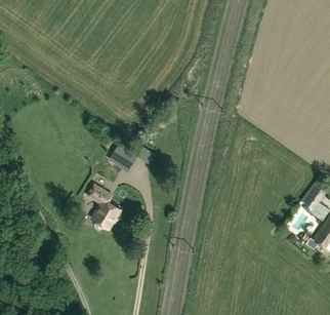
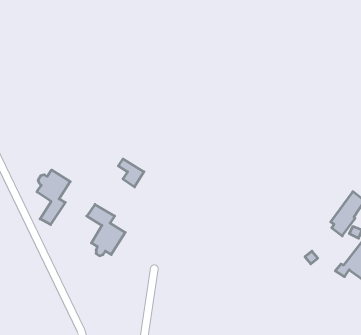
building: none -> [37,170,70,225]

